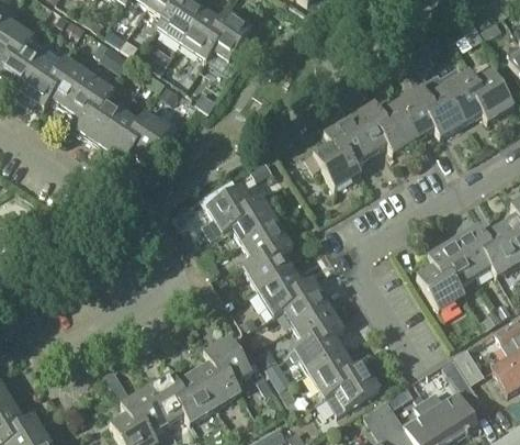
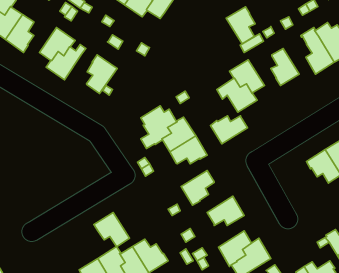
building: [49,56,89,107] -> none
building: [396,85,436,136] -> none
building: [349,101,388,152] -> [226,7,255,44]
building: [100,109,138,160] -> none
building: [242,251,293,289] -> [210,116,248,144]
building: [417,264,465,311] -> none
building: [283,277,328,324] -> none
building: [202,334,250,380] -> [94,212,129,246]
building: [289,334,343,371] -> none

